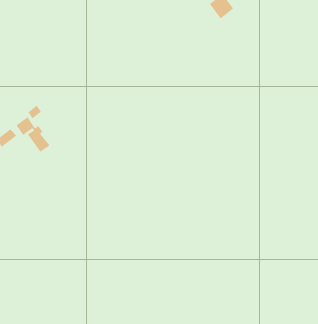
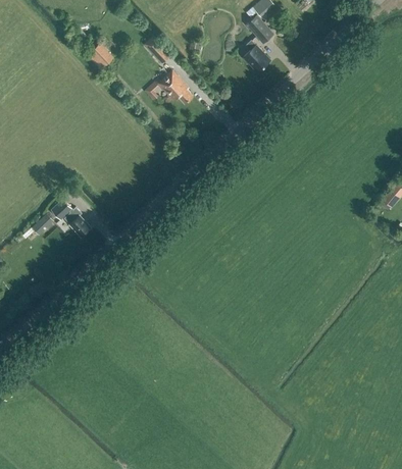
building: none -> [160,72,194,104]

